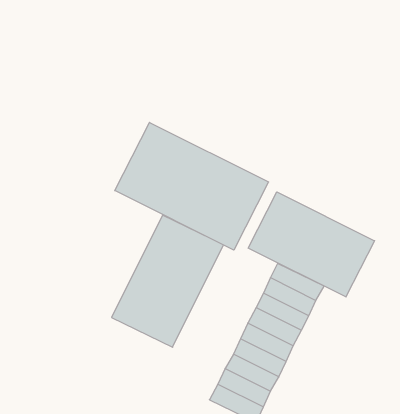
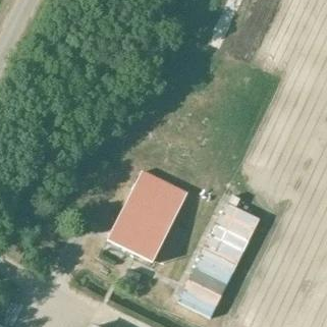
building: [115,122,269,250] -> none
building: [248,192,375,297] -> none

